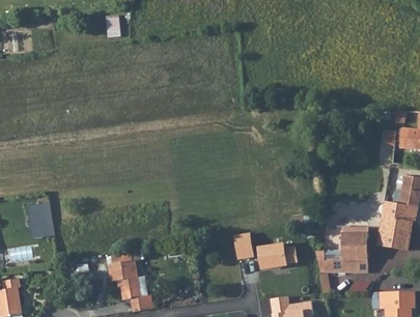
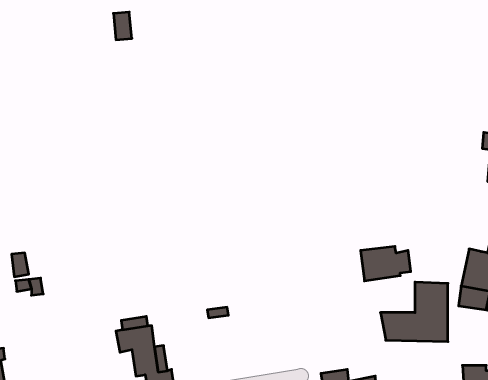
building: [232,232,253,259] -> none
building: [256,242,296,269] -> [361,246,411,281]

